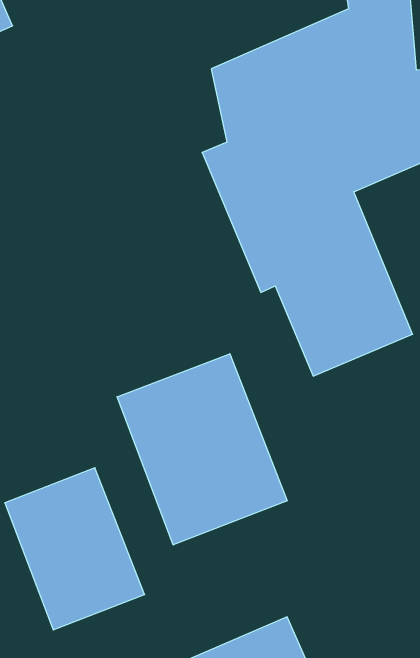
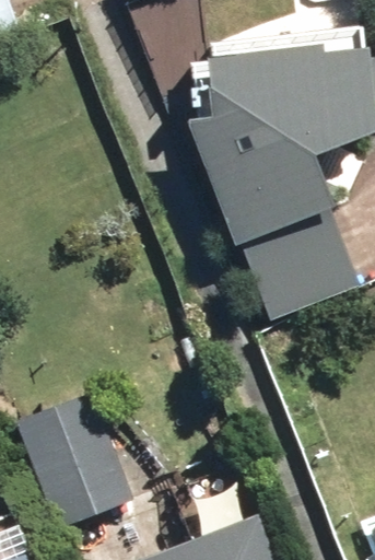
building: [117,354,287,545] -> none

